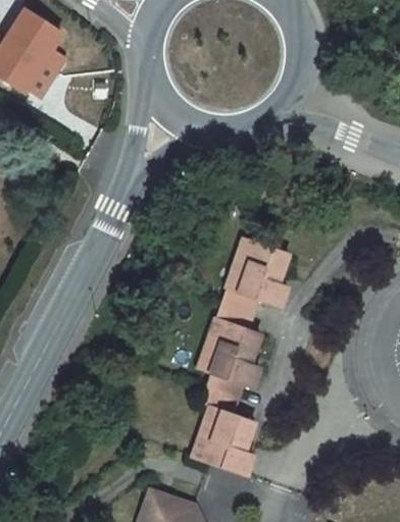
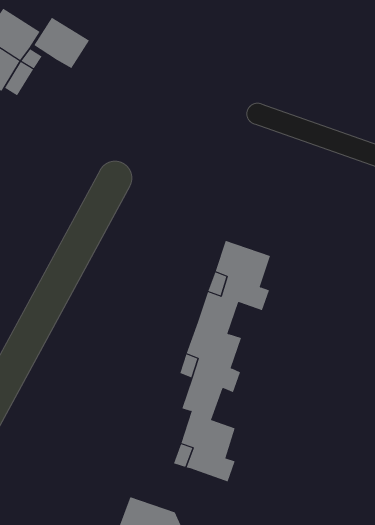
building: none -> [34,17,90,69]

